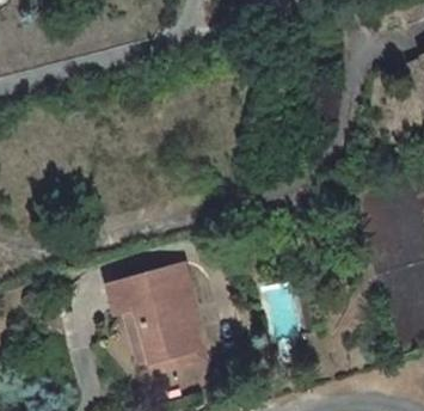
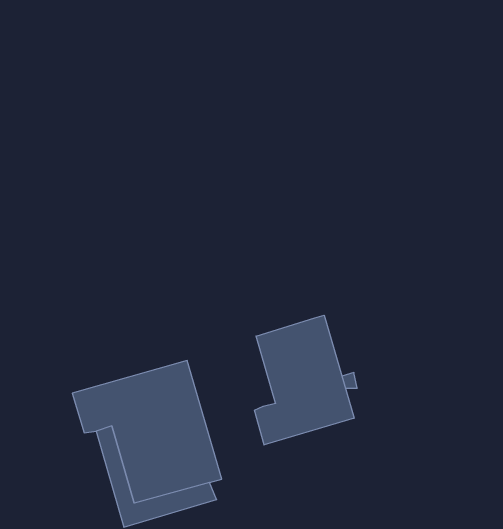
building: none -> [255,315,354,445]

